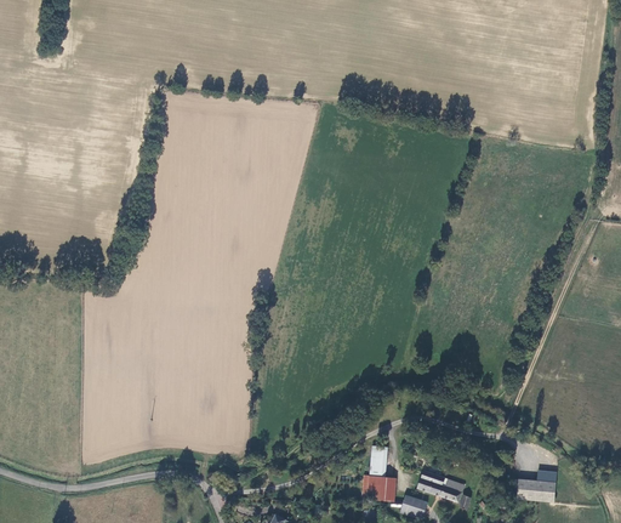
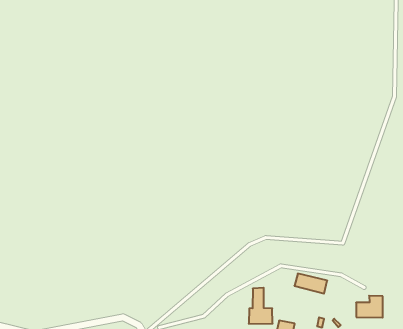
building: [416,472,463,504] -> [294,274,327,294]

